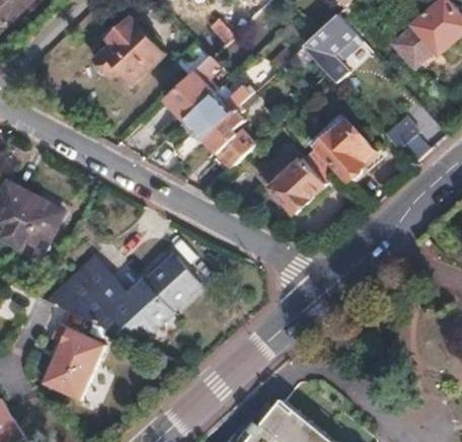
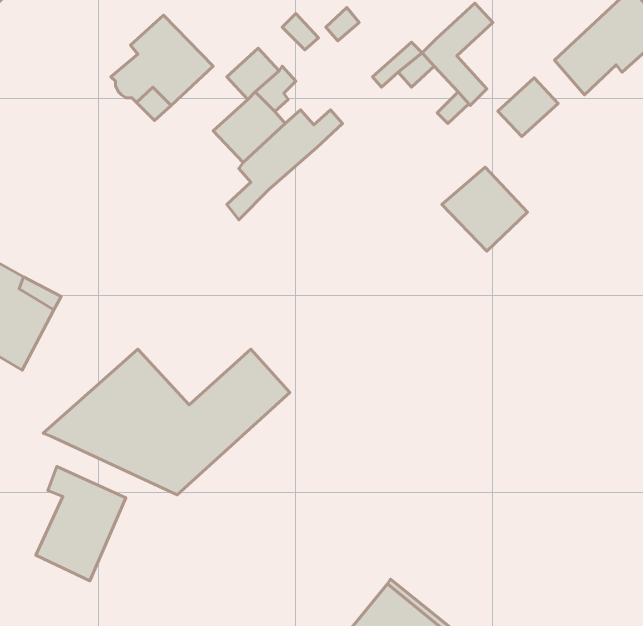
building: [200,109,252,168] -> none
building: [386,112,427,151] -> [498,78,558,137]
building: [258,137,335,214] -> none

